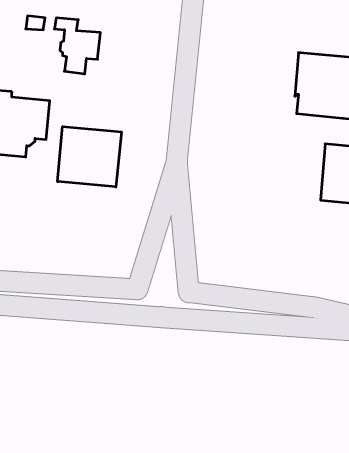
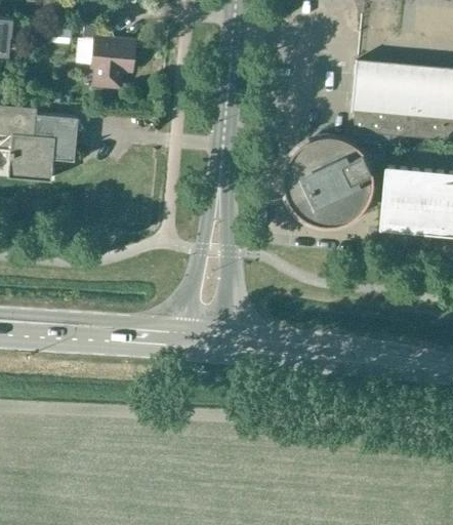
building: none -> [283,128,404,227]
building: [58,127,121,187] -> none

